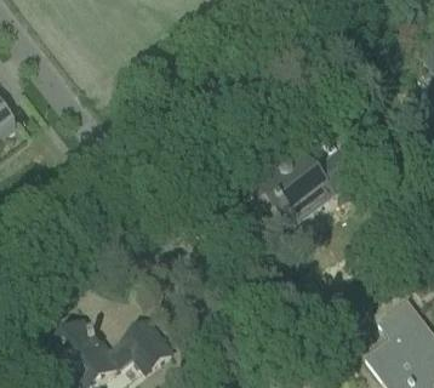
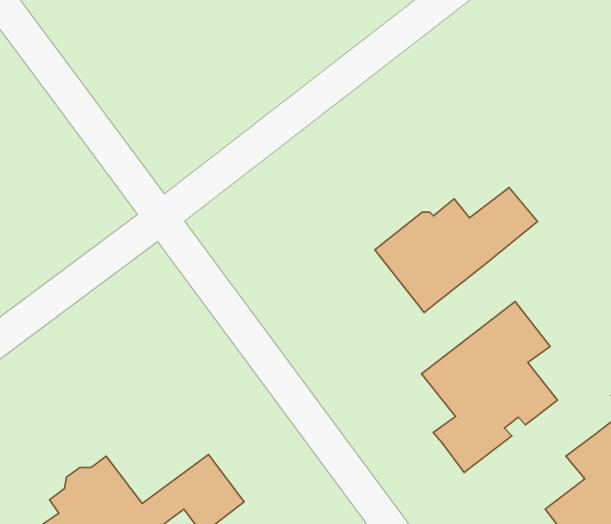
building: none -> [422,302,558,473]

